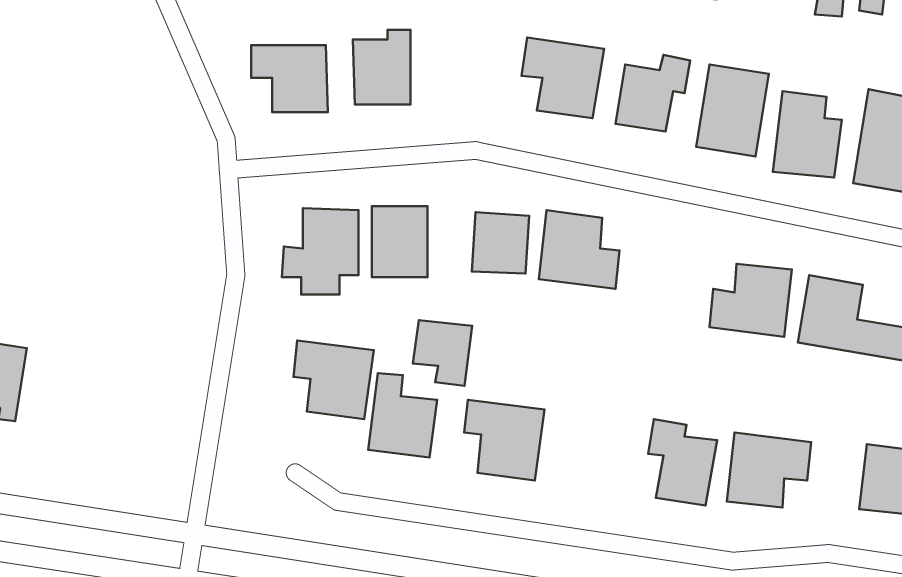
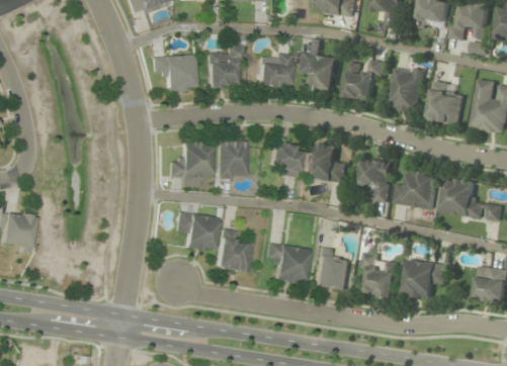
building: none -> [258,54,289,87]
building: none -> [361,159,393,201]
building: [413,320,472,386] -> none
building: none -> [313,246,349,290]

